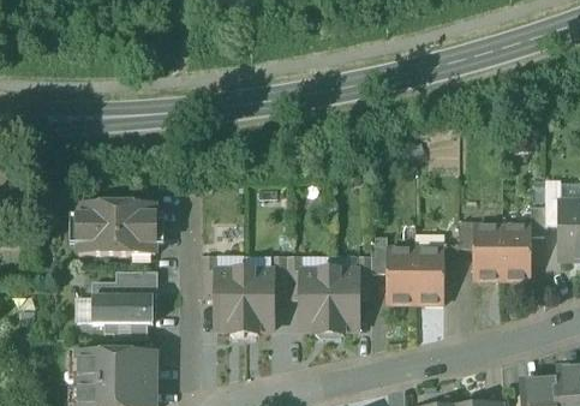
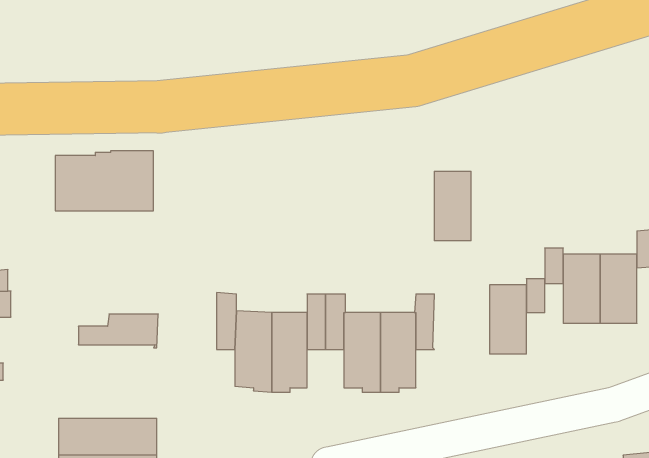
building: [79,205,156,252] -> [55,151,153,211]
building: [387,249,415,303] -> [434,171,471,241]
building: [94,295,154,338] -> none

